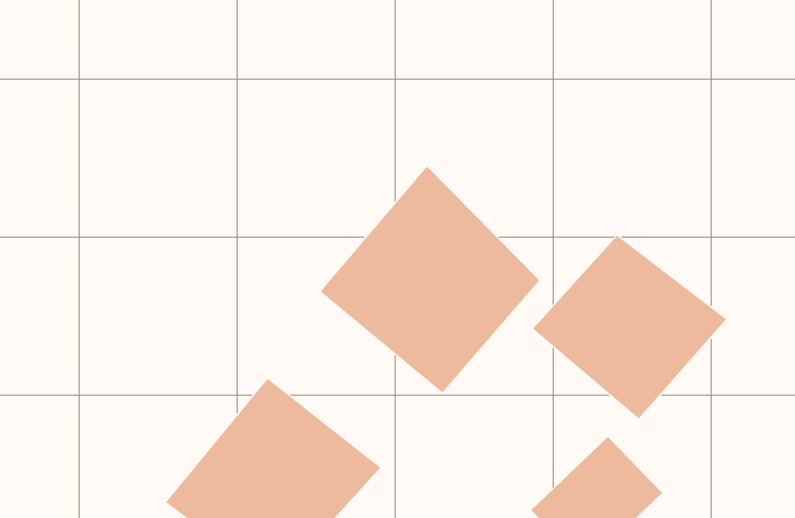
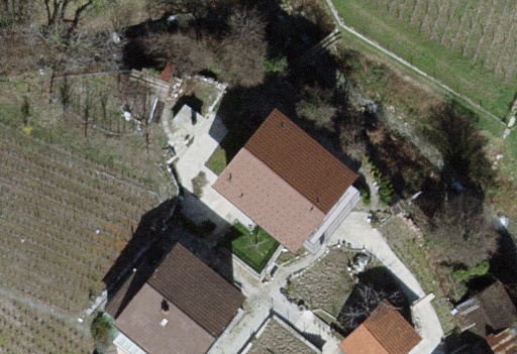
building: [532,235,727,419] -> none

